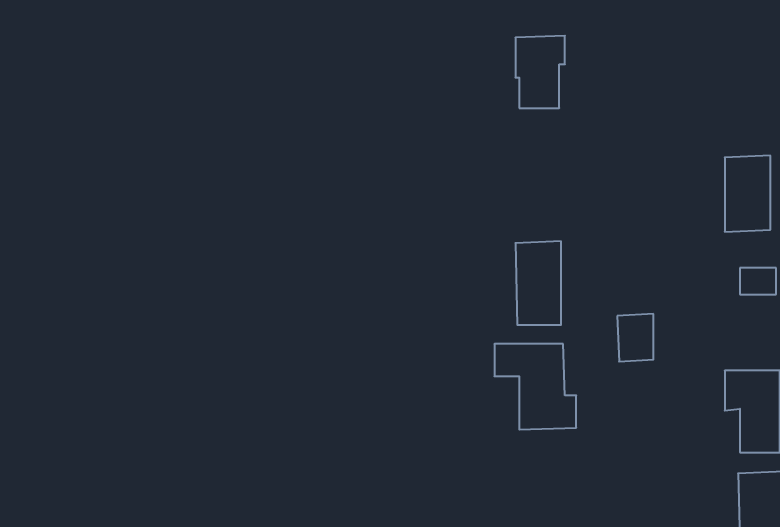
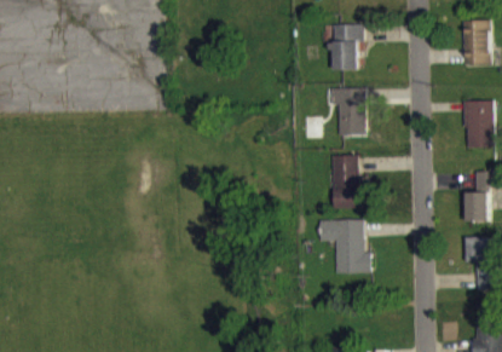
building: none -> [461,22,489,67]
building: none -> [329,90,365,137]
building: [617,314,653,362] -> [465,194,487,224]

